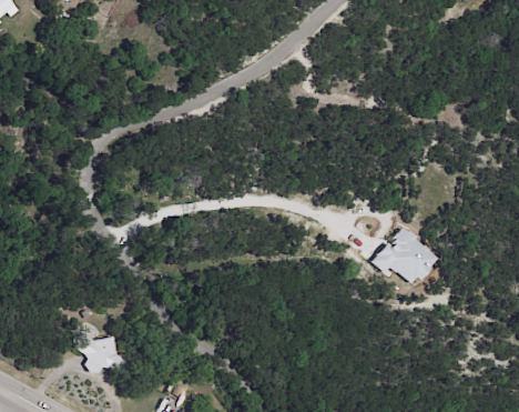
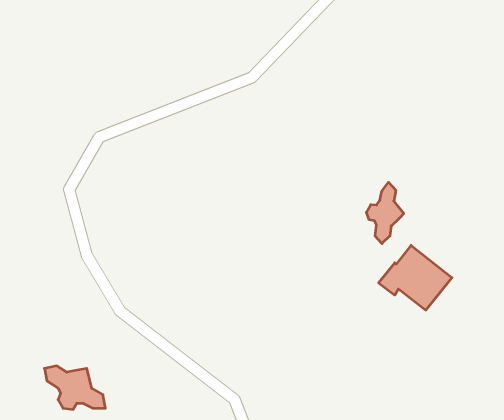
building: none -> [366,182,404,244]

